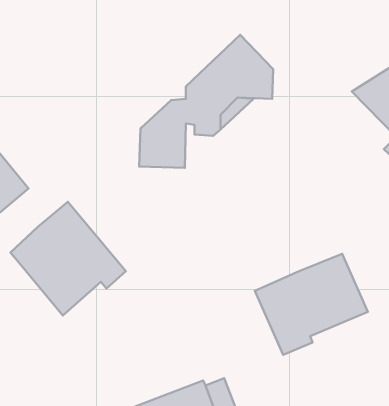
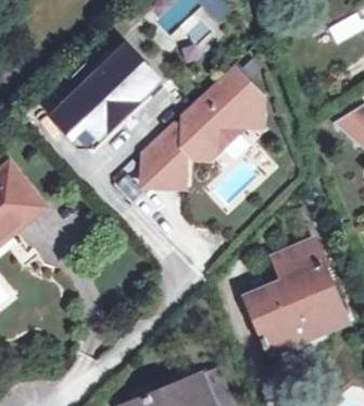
building: none -> [53,47,159,140]
building: [10,202,126,315] -> none
building: none -> [272,235,322,278]

